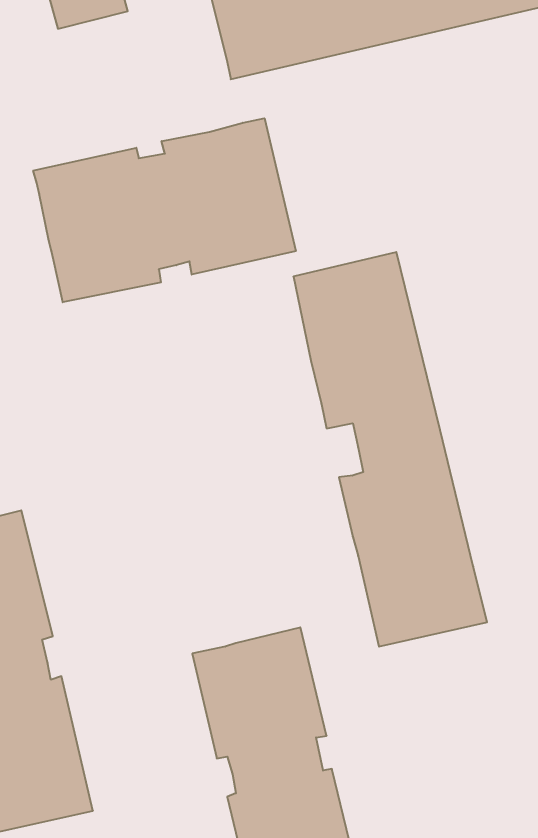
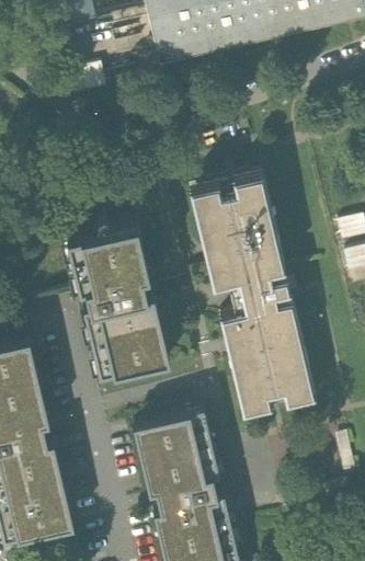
building: [33,118,296,302] -> none
building: none -> [67,222,168,377]

